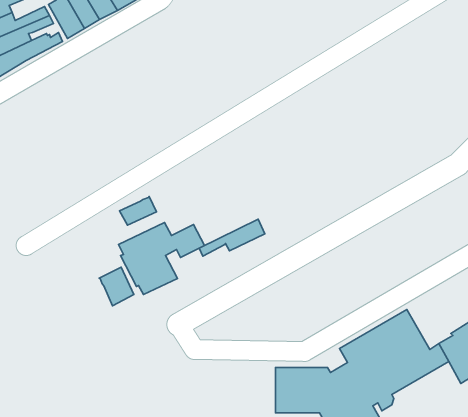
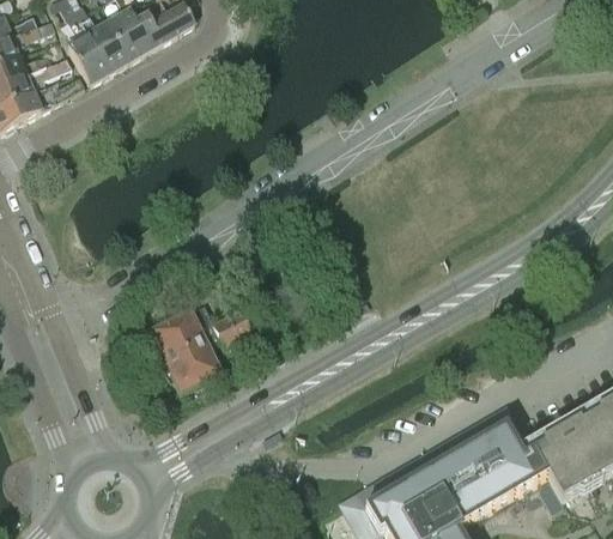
building: [120,197,157,225] -> none
building: [199,219,265,256] -> none
building: [99,267,134,306] -> none

